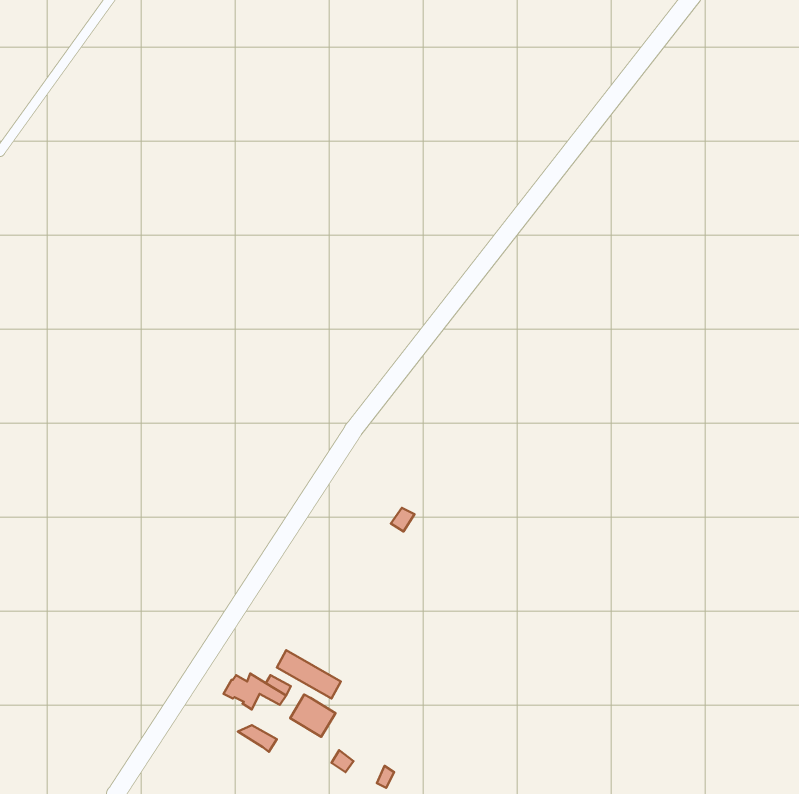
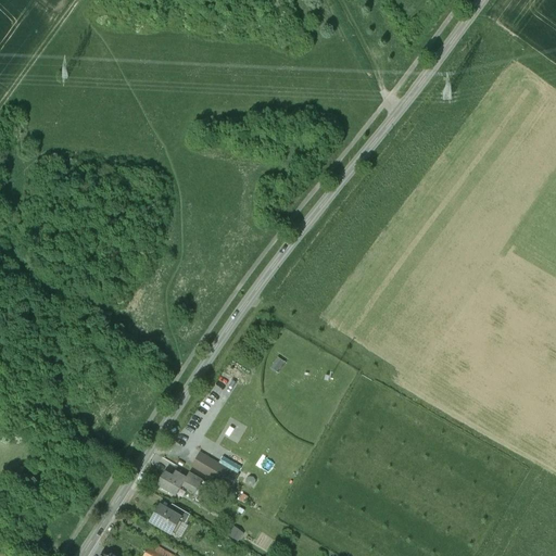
building: [290,695,335,737] -> [151,506,182,535]

